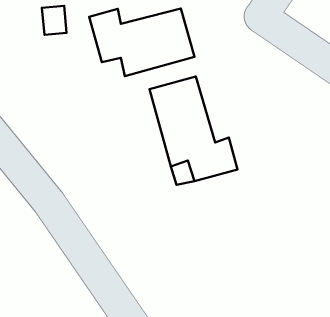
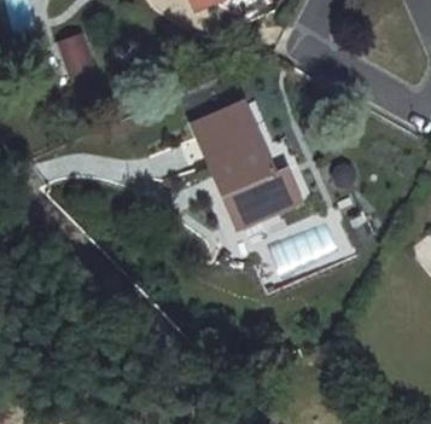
building: [89,8,195,76] -> none

